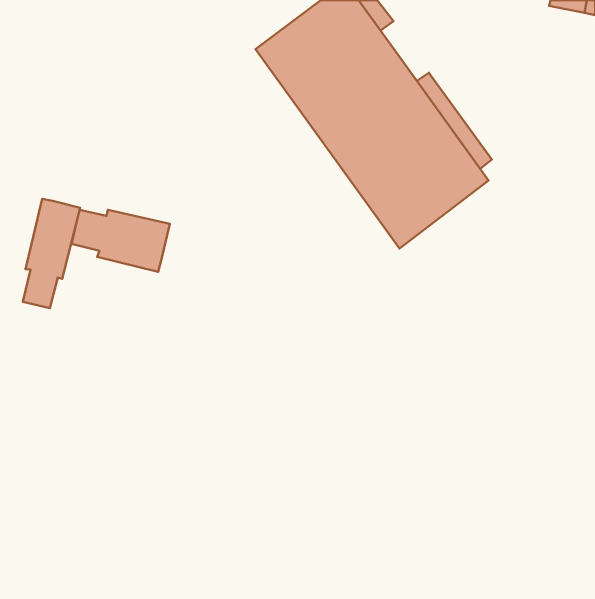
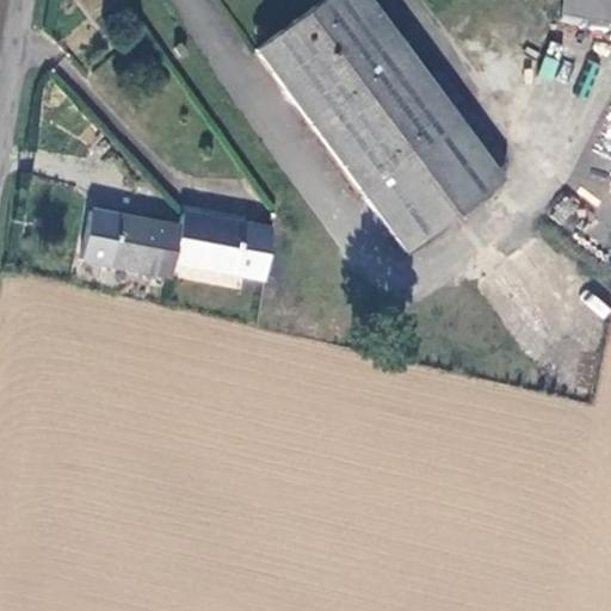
building: [23,199,80,308] -> none
building: none -> [165,215,264,285]

